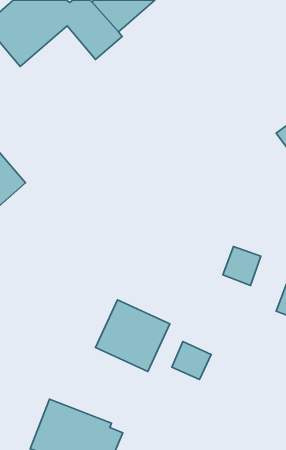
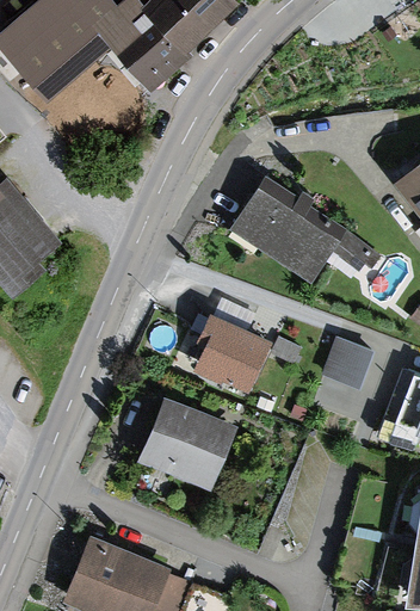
building: none -> [235,184,366,303]
building: none -> [192,307,271,388]
building: [172,341,211,379] -> none

